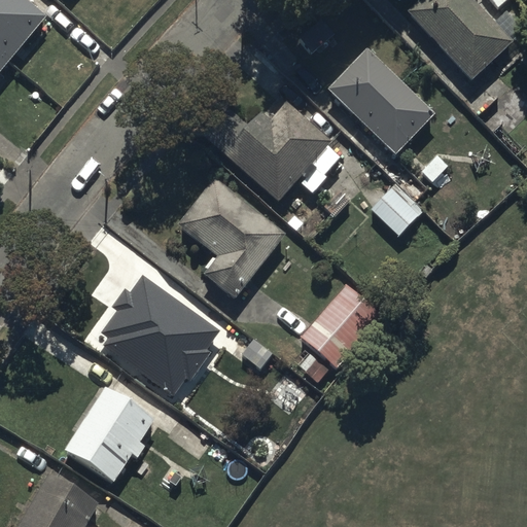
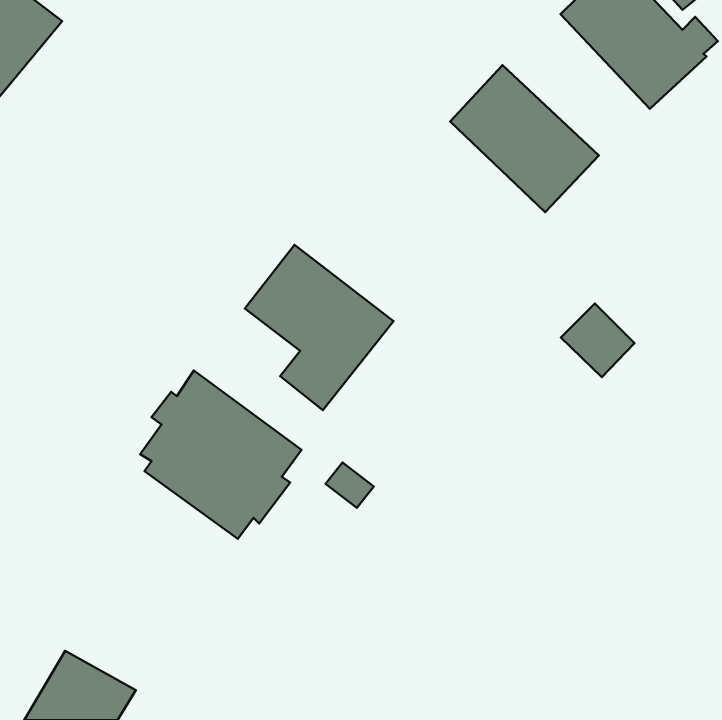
building: [209,100,341,201] -> none
building: [370,183,423,237] -> [561,304,634,377]
building: [301,286,384,383] -> none
building: [64,387,153,482] -> none

